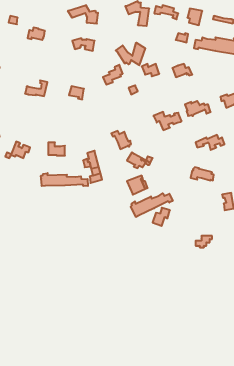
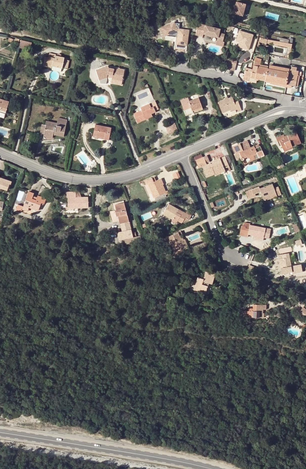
building: [68,5,98,24] -> none
building: [116,43,145,65] -> none
building: [41,173,88,186] -> none
building: [131,193,173,217] -> none

